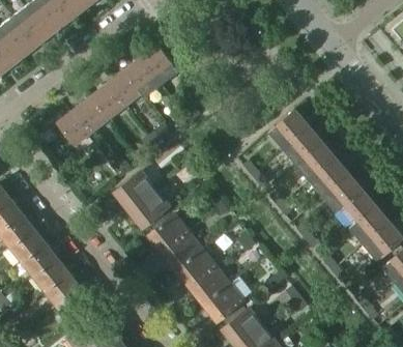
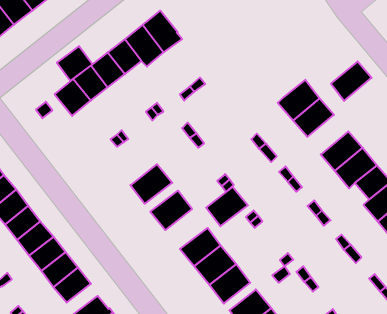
building: none -> [57,46,92,81]
building: [296,143,335,180] -> [331,61,372,101]
building: [115,171,154,209] -> none
building: [163,232,202,269] -> [206,187,248,226]

